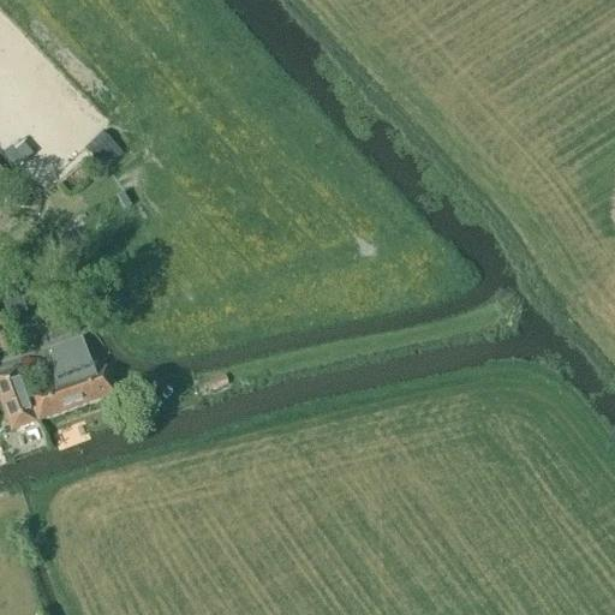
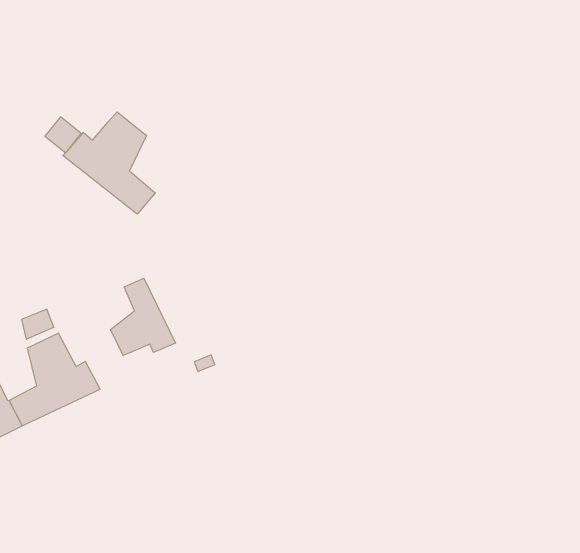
building: none -> [63,112,155,214]
building: none -> [111,278,176,356]

